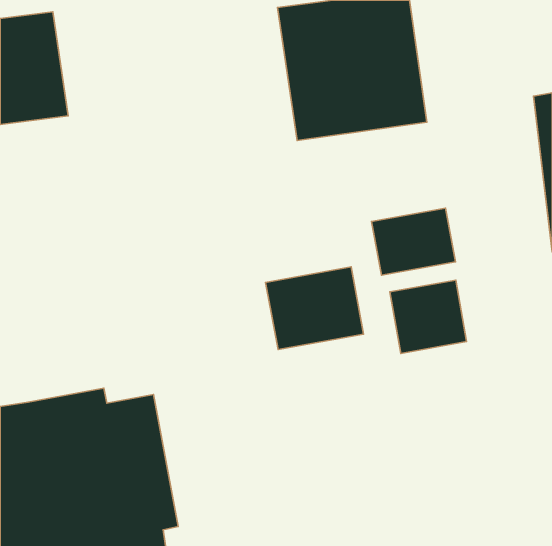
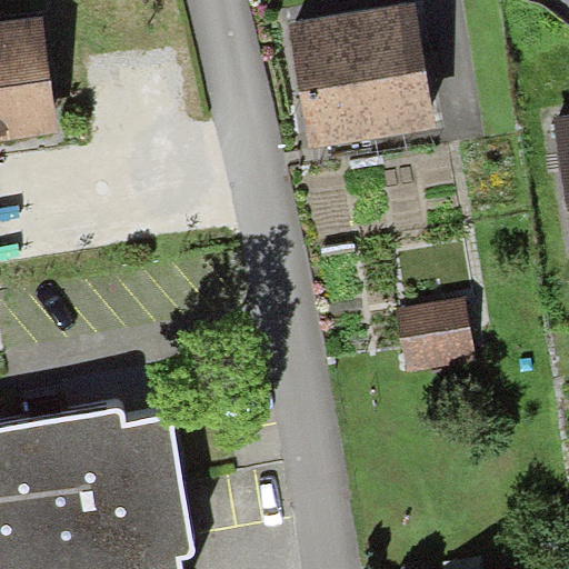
building: [371,208,456,275] -> none
building: [266,267,364,350] -> none

